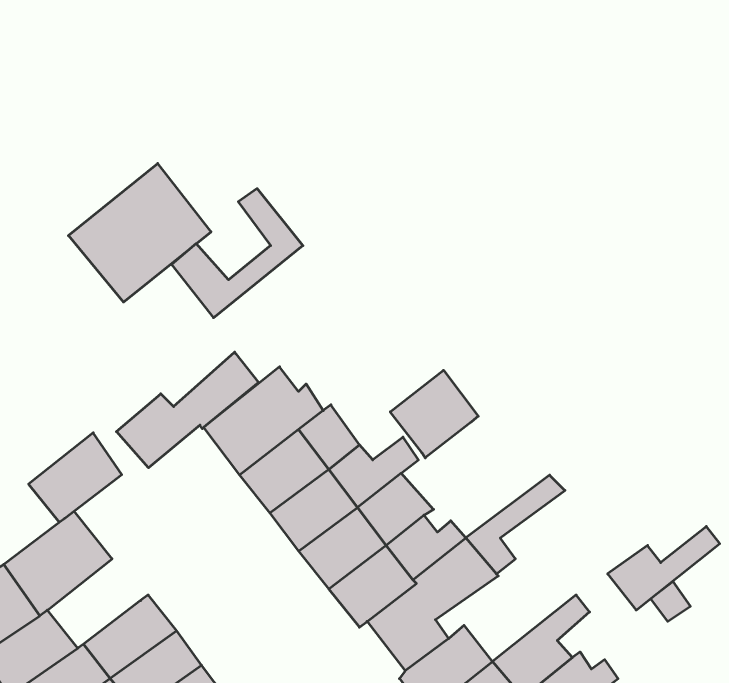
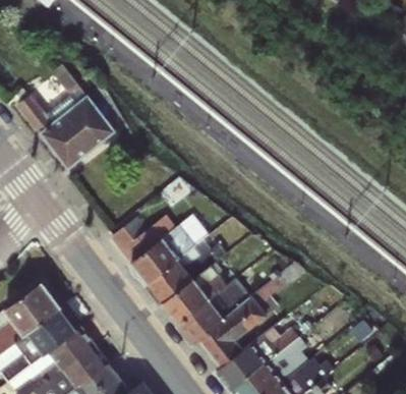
building: [172,189,303,318] -> [15,65,85,134]
building: [116,352,258,468] -> none
building: [390,370,478,458] -> none
building: [29,433,122,522] -> [26,307,76,355]
building: [608,526,720,610] -> [249,318,309,362]

